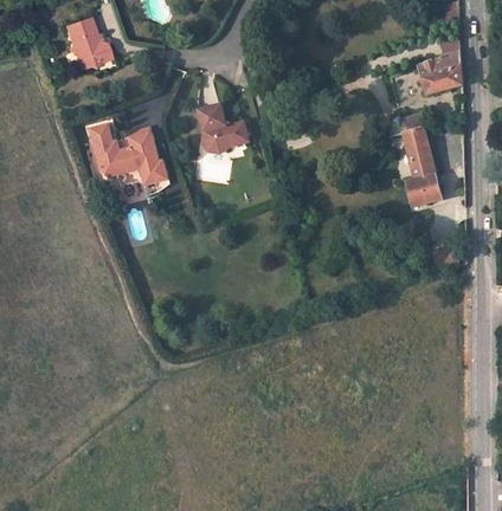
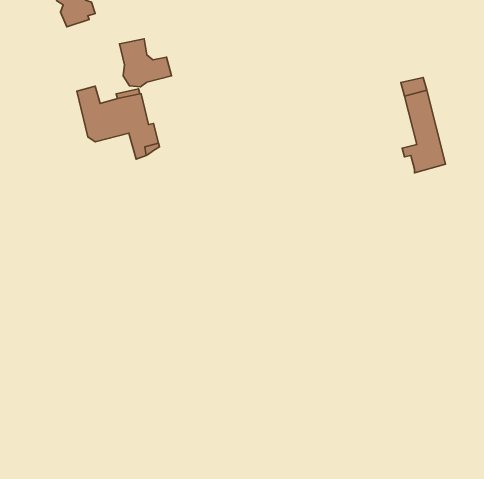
building: [418,52,462,95] -> none
building: [198,105,247,151] -> [120,39,172,87]

